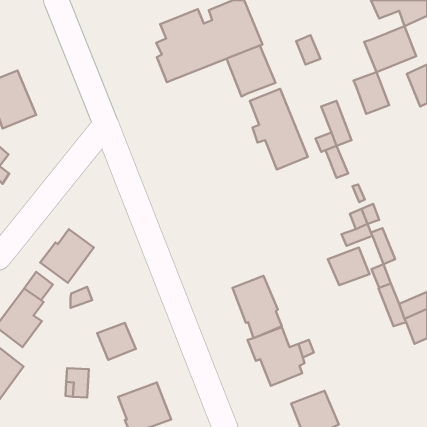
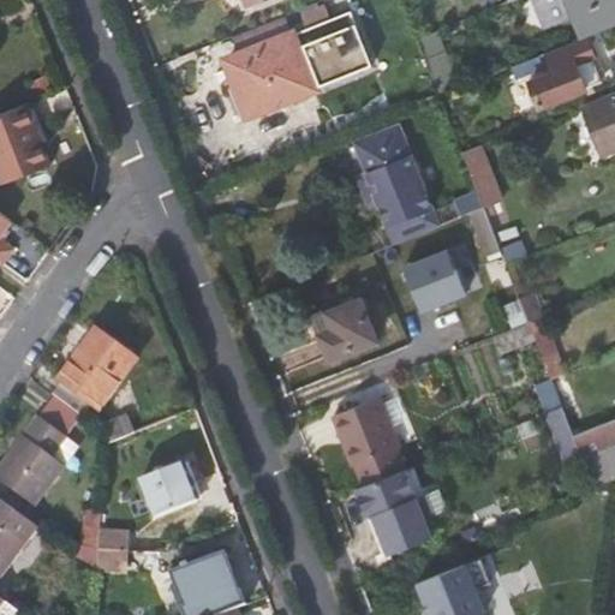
building: [227,45,275,97] -> none
building: [353,72,389,114] -> none
building: none -> [402,246,468,312]
building: none -> [310,299,376,365]
building: [328,247,369,285] -> none

